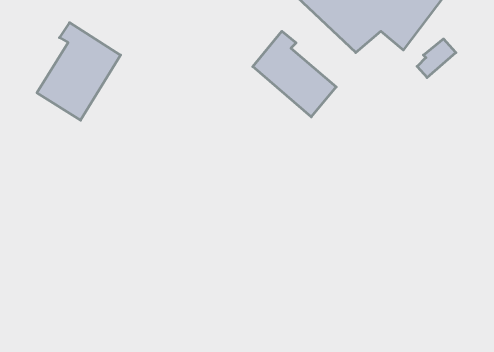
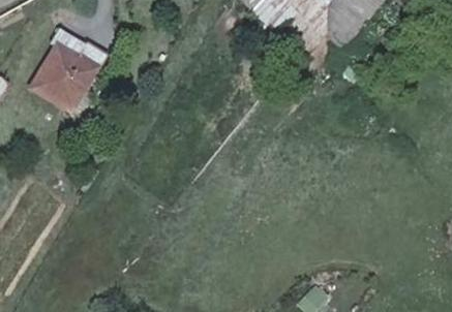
building: [253,31,336,117] -> none

